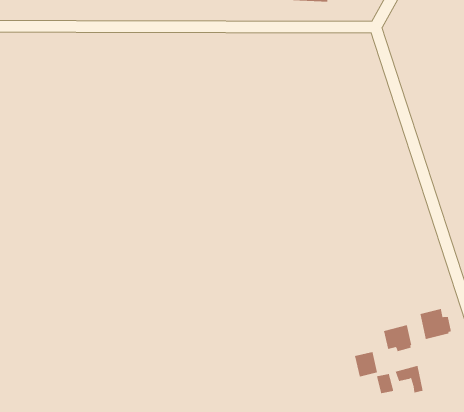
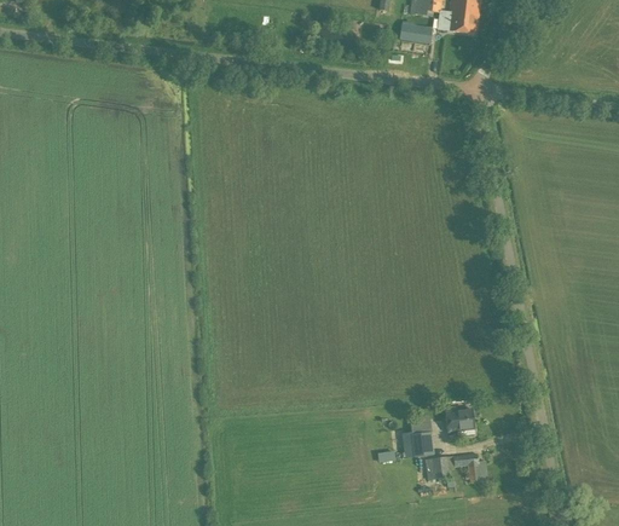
building: [420,308,451,340] -> none

